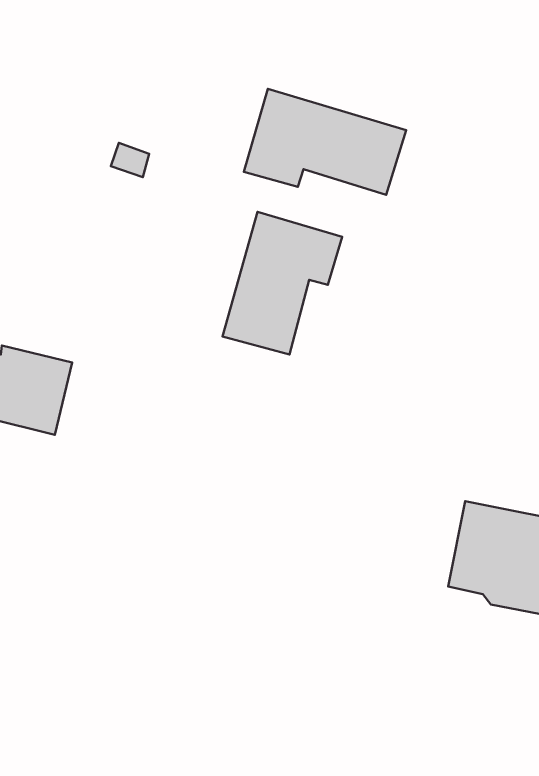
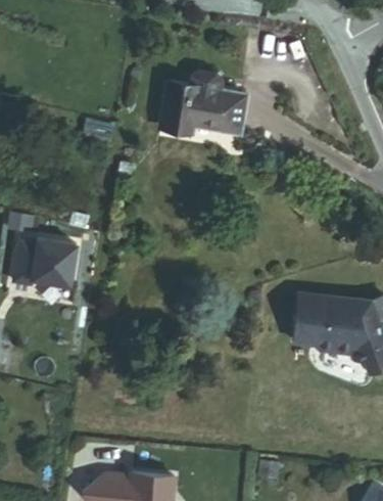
building: [222,212,342,355] -> none

